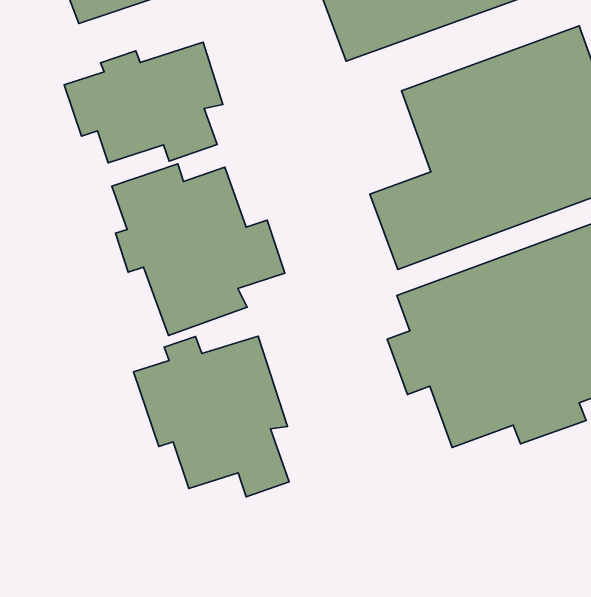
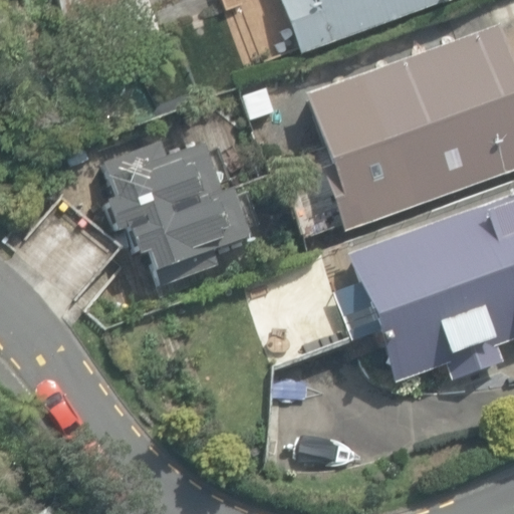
building: [64,42,223,163] -> none
building: [133,336,289,497] -> none

